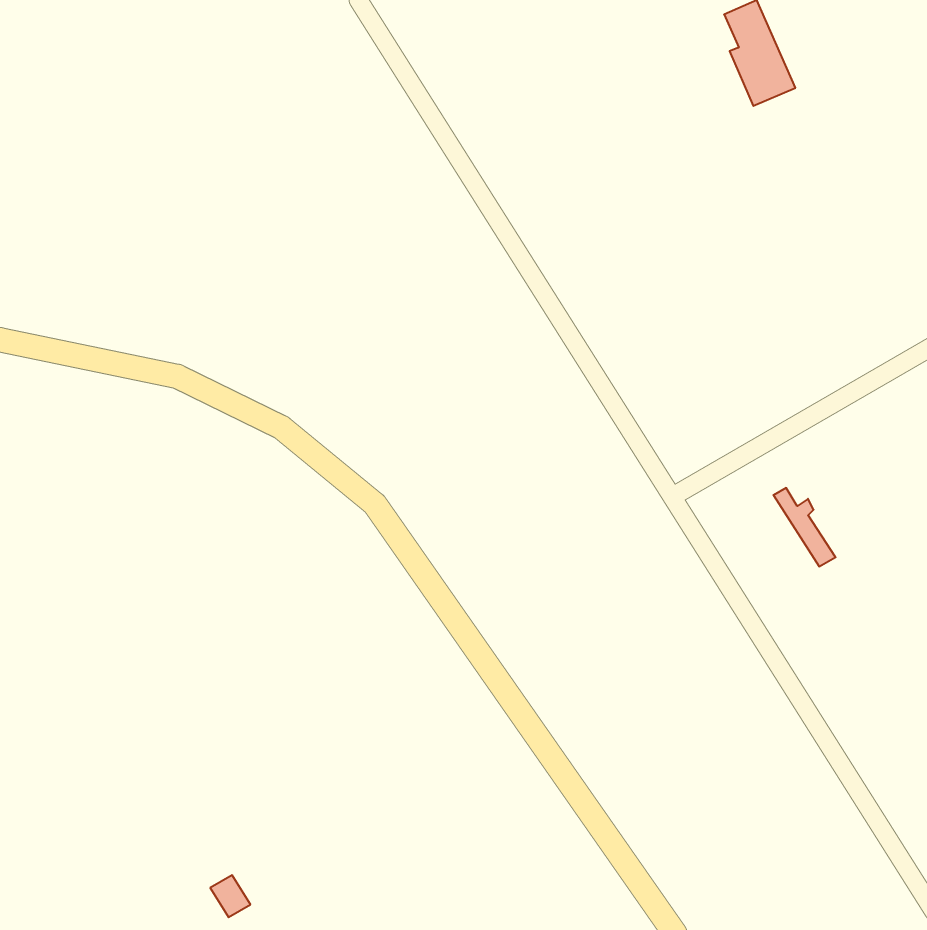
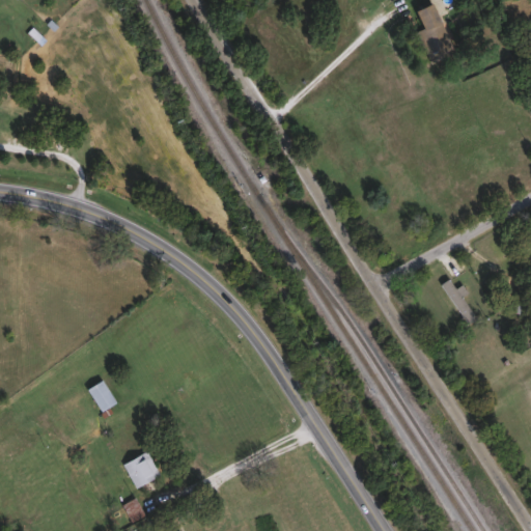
building: none -> [88,380,117,413]
building: none -> [124,451,162,488]

